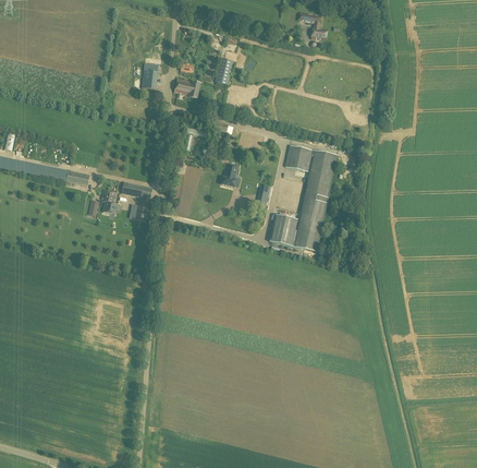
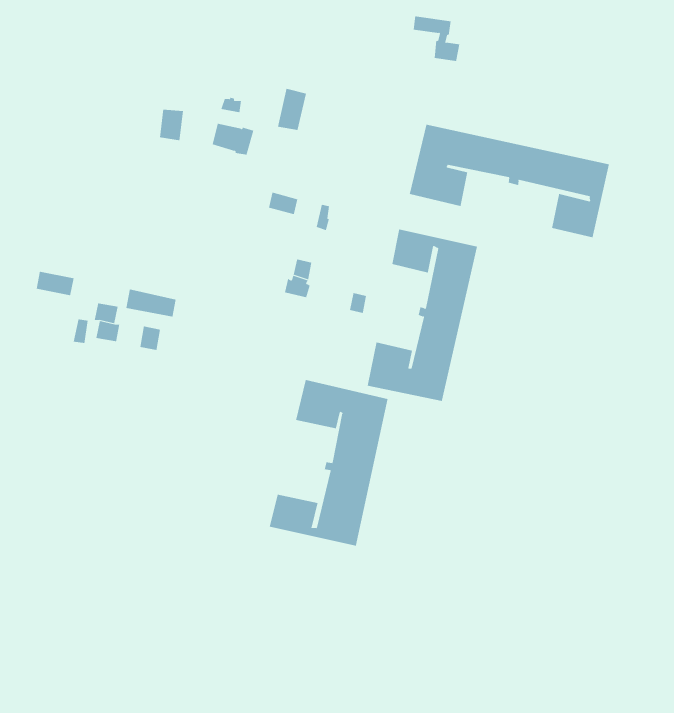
building: none -> [409,124,609,238]
building: none -> [269,379,388,546]

